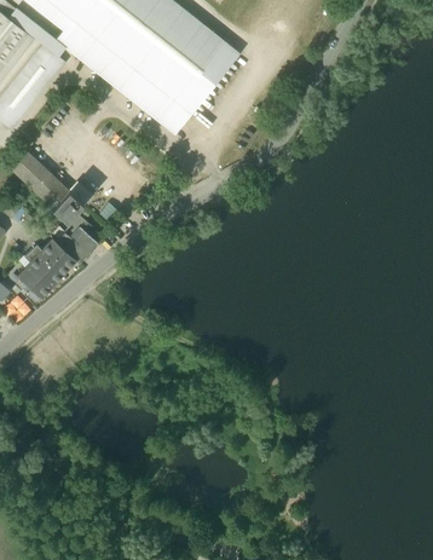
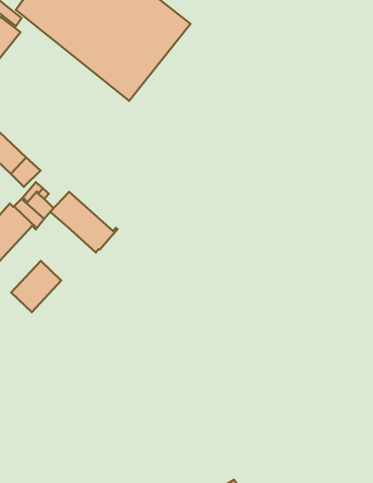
building: none -> [50,192,118,253]
building: none -> [11,261,61,312]

